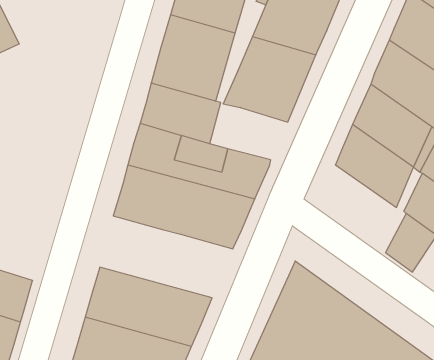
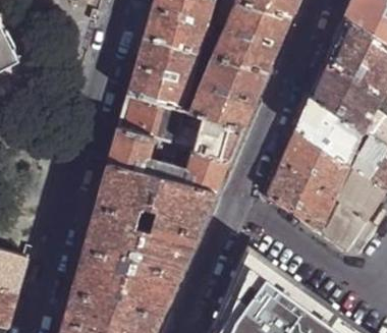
building: none -> [191,117,241,161]
building: none -> [267,165,332,234]
building: none -> [85,208,196,276]

